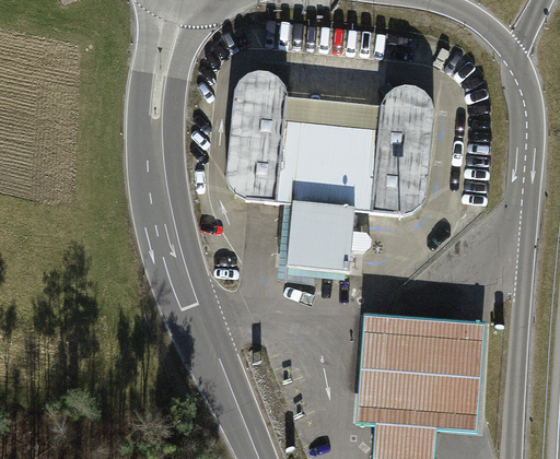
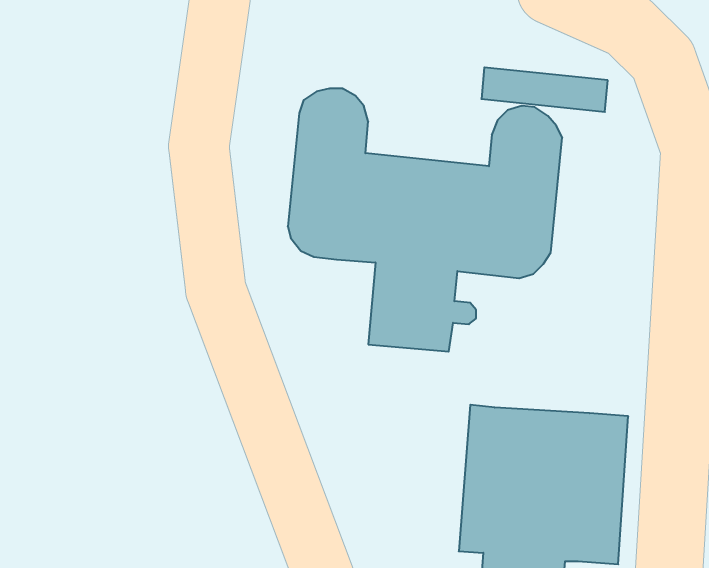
building: [284,96,381,130] -> [481,67,608,112]

